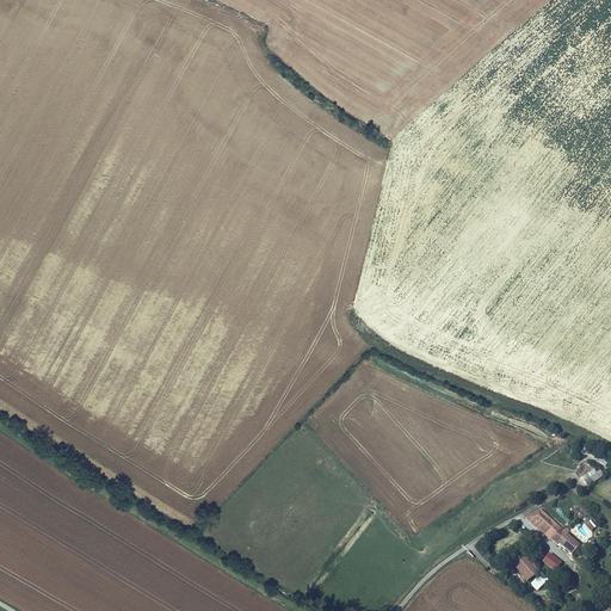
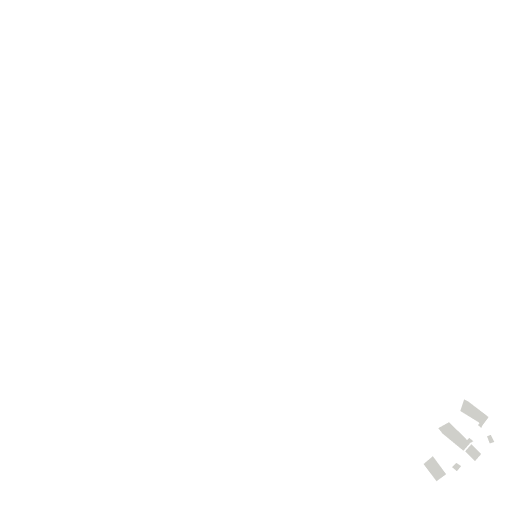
building: none -> [459,399,489,429]

